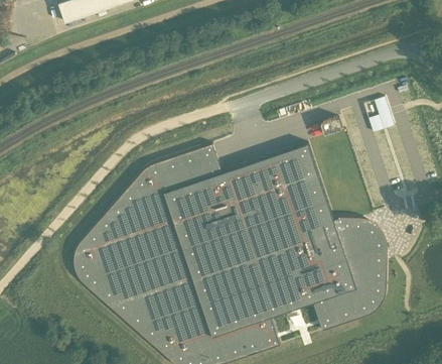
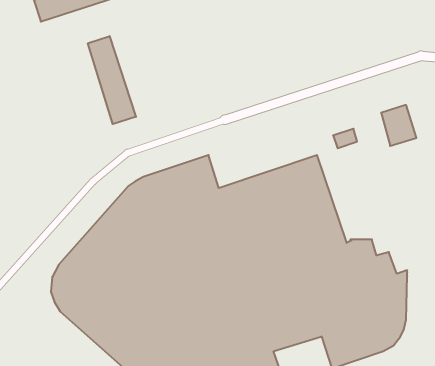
building: none -> [88,36,136,124]

